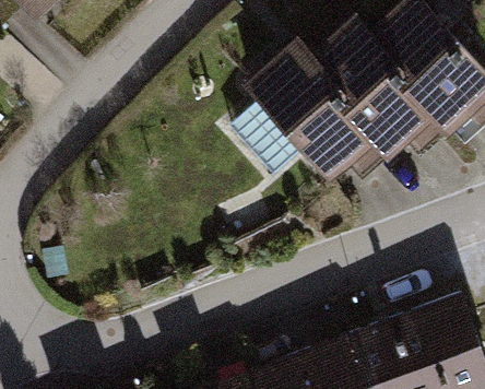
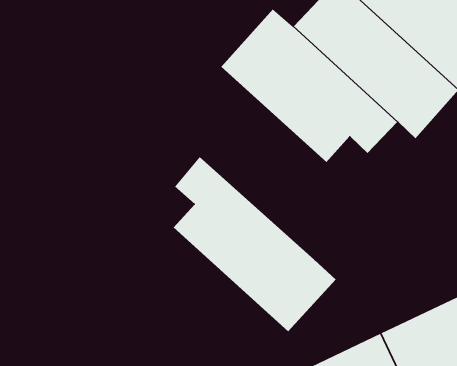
building: none -> [173,156,336,332]

